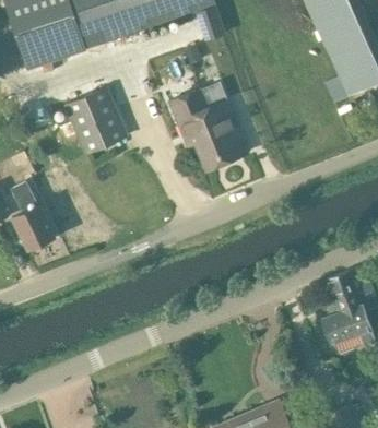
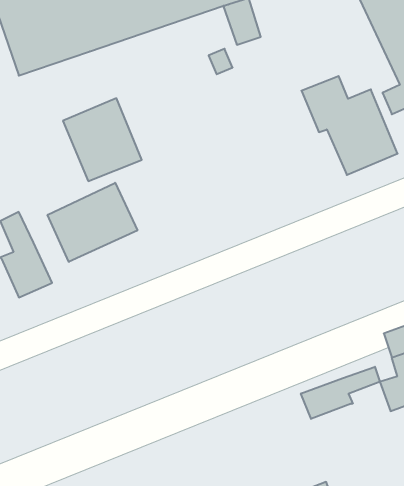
building: [168,88,247,169] -> [301,76,398,175]
building: none -> [48,183,137,262]
building: none -> [301,367,380,419]

